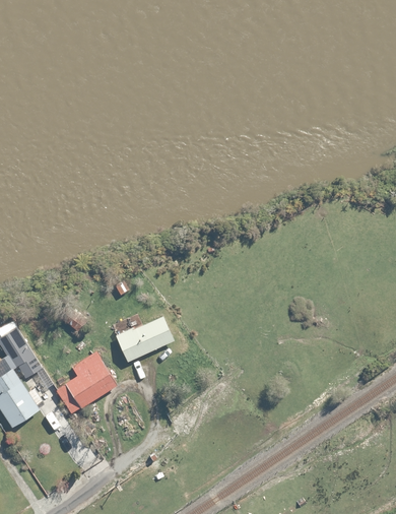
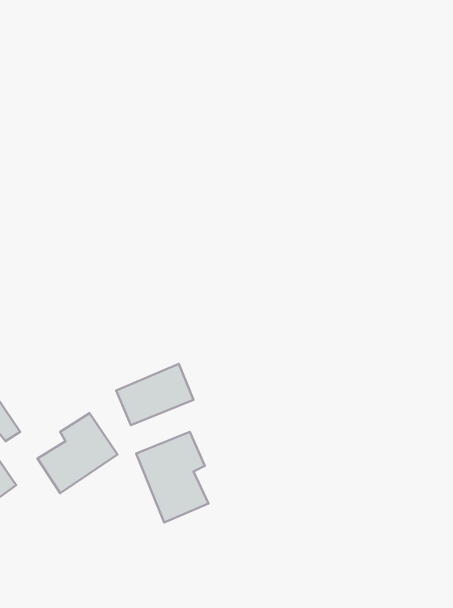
building: none -> [136,432,208,522]

